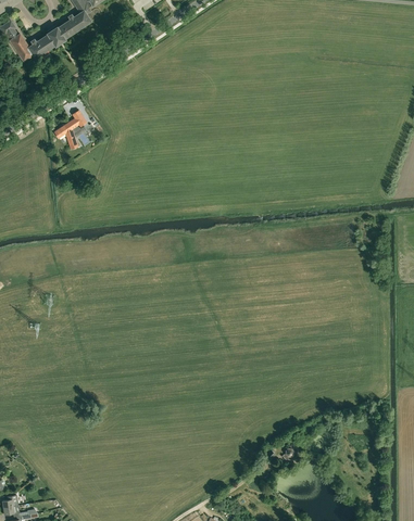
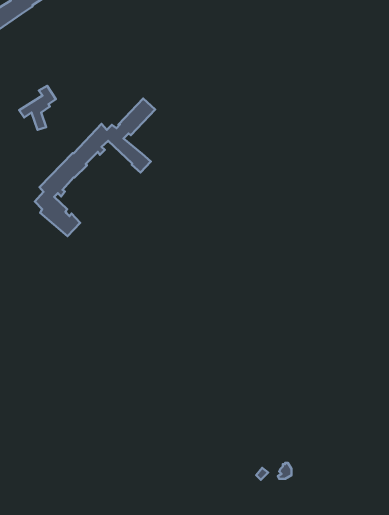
building: none -> [35,99,155,236]

